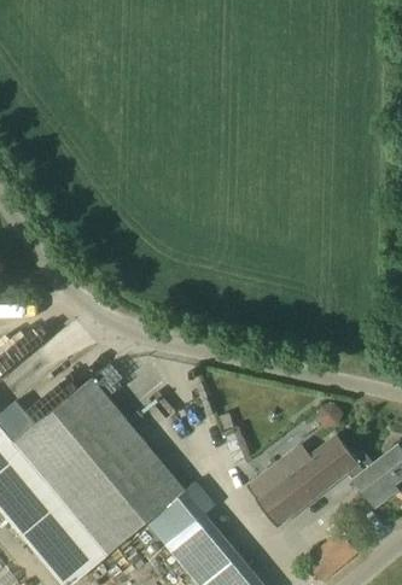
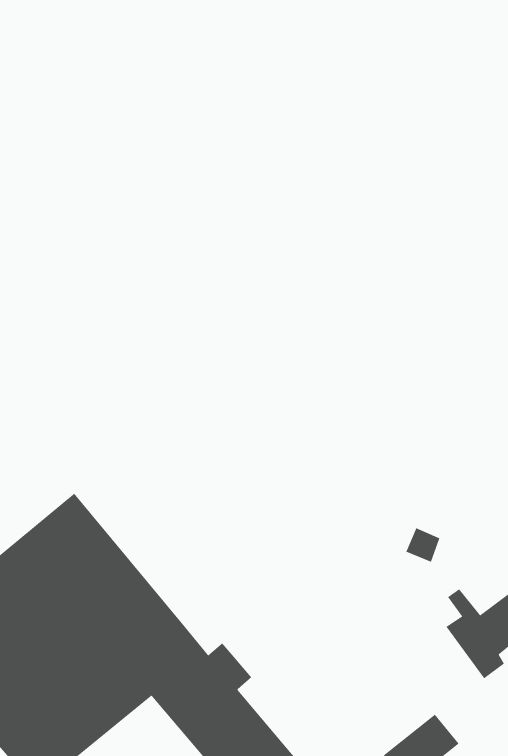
building: [246,434,360,526] -> none

